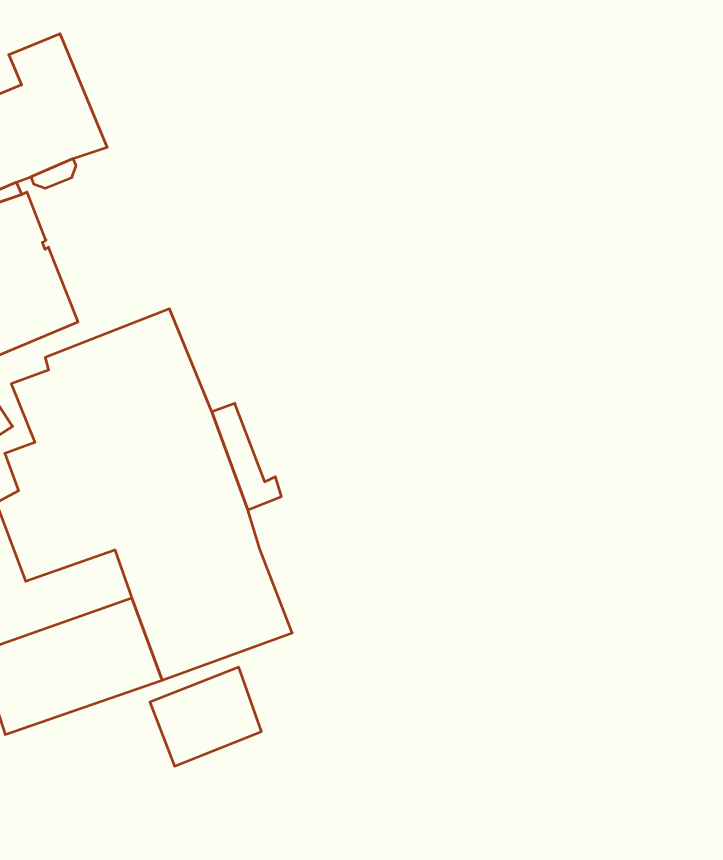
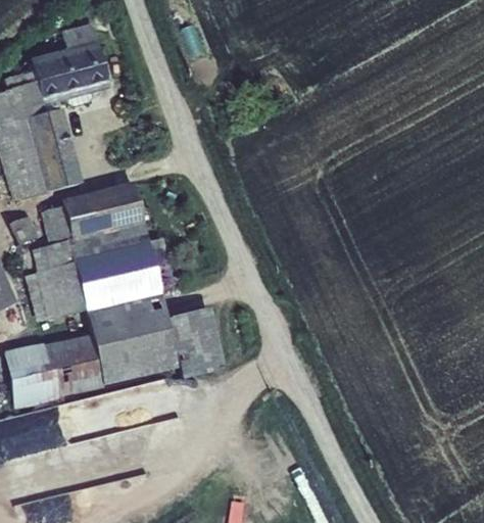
building: none -> [166,307,224,378]

